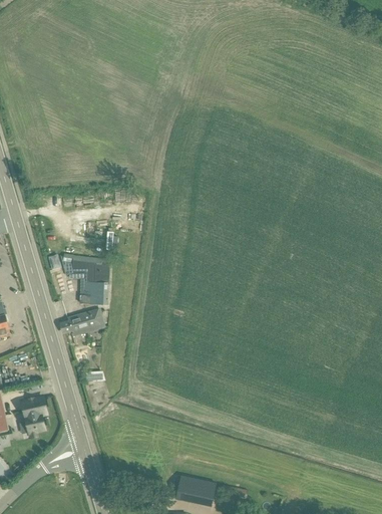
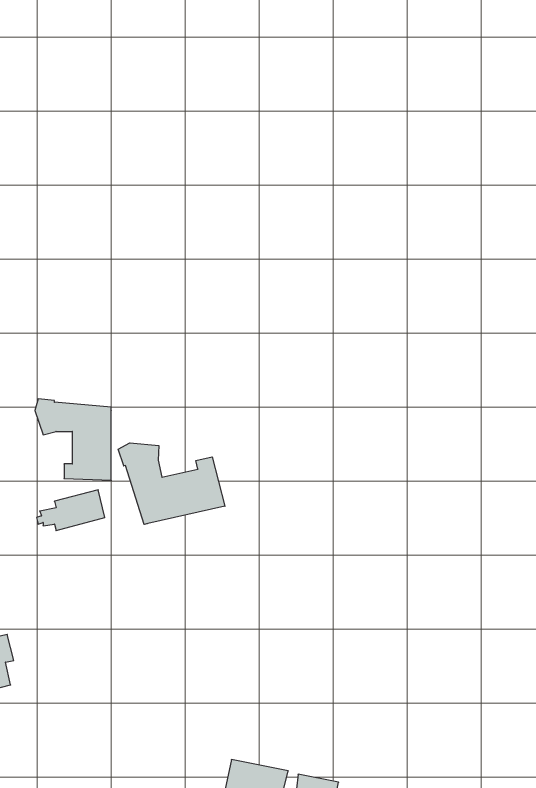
building: none -> [118,443,225,524]

